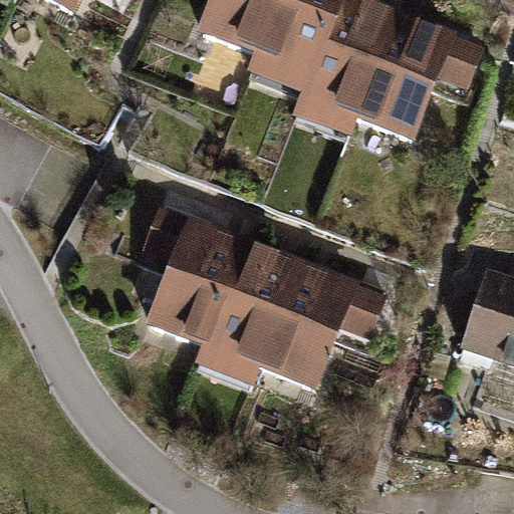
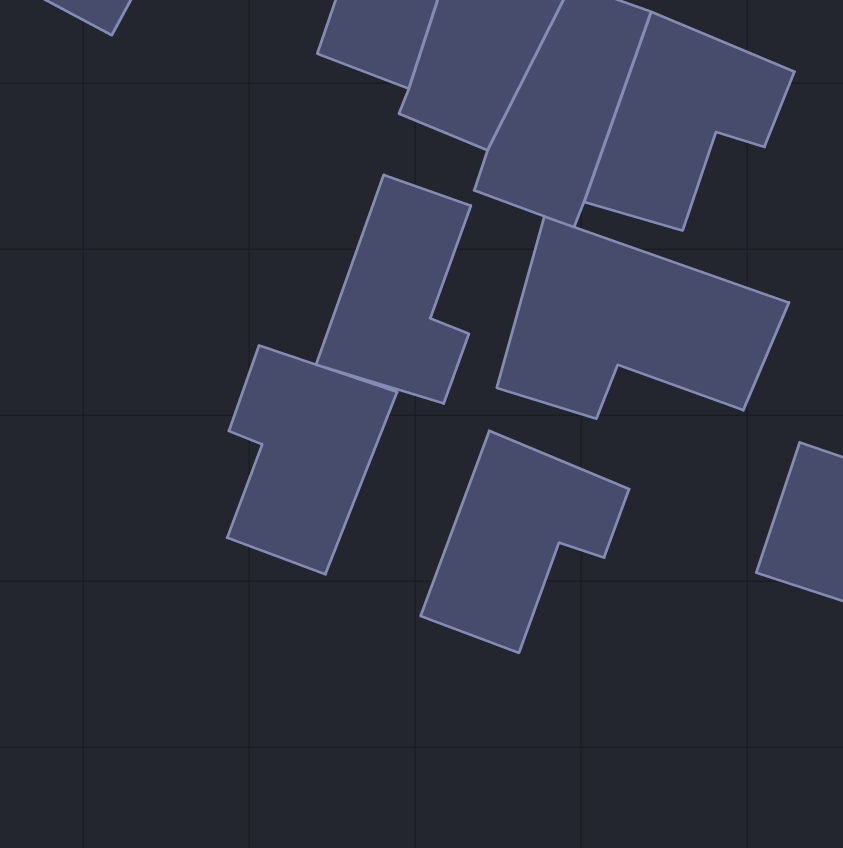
building: none -> [316,175,471,404]
building: none -> [497,217,789,419]
building: [195,236,300,386] -> none

